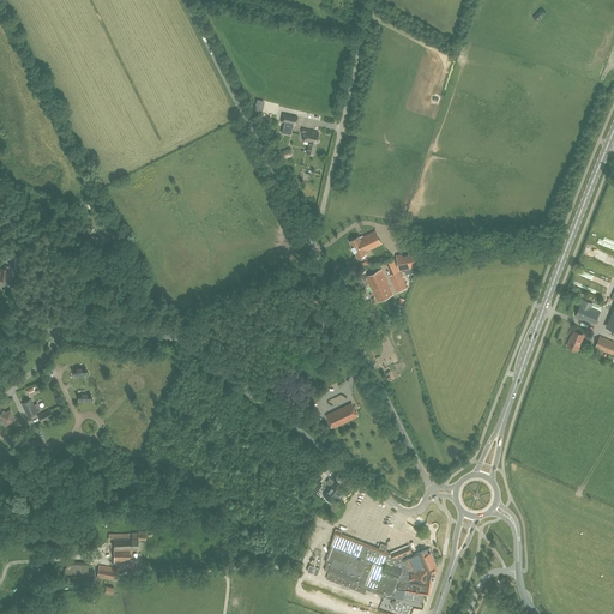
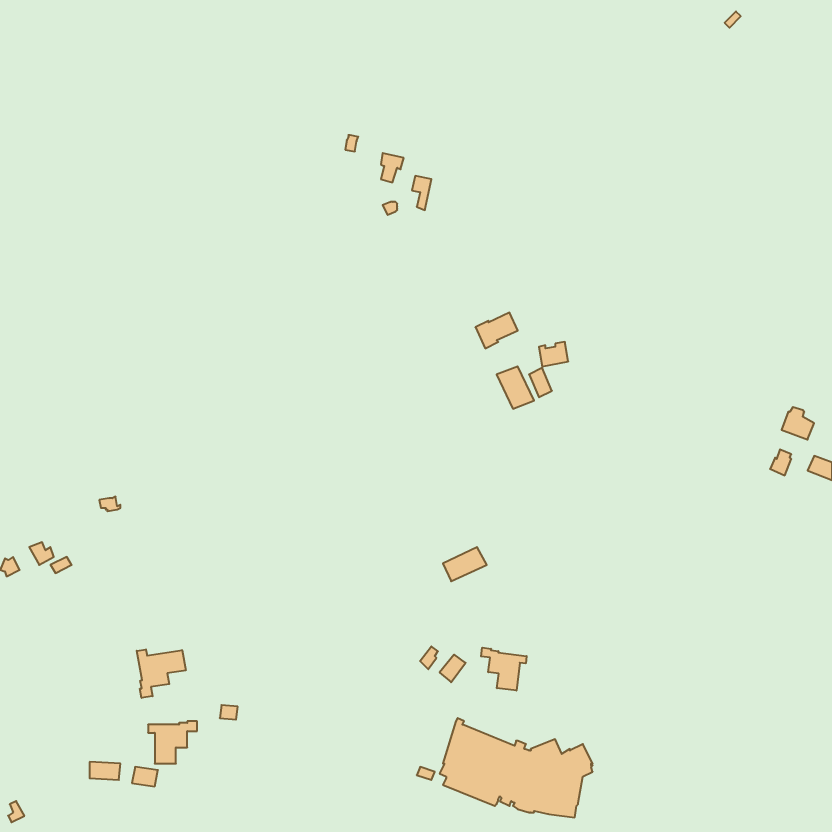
building: none -> [481,648,527,691]
building: none -> [137,649,186,698]

